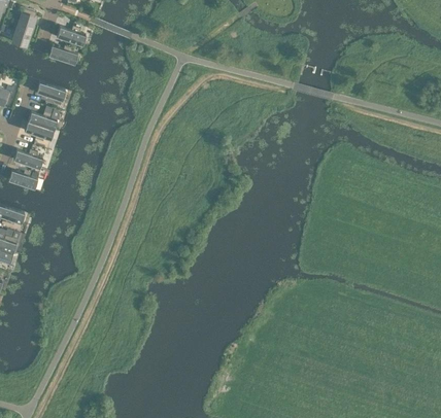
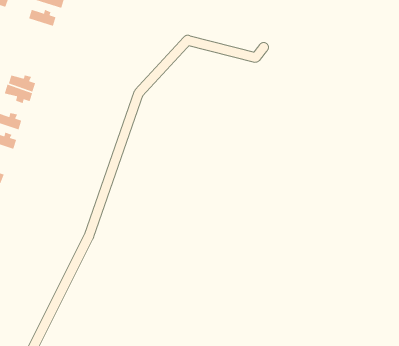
building: [36,82,65,106] -> none

